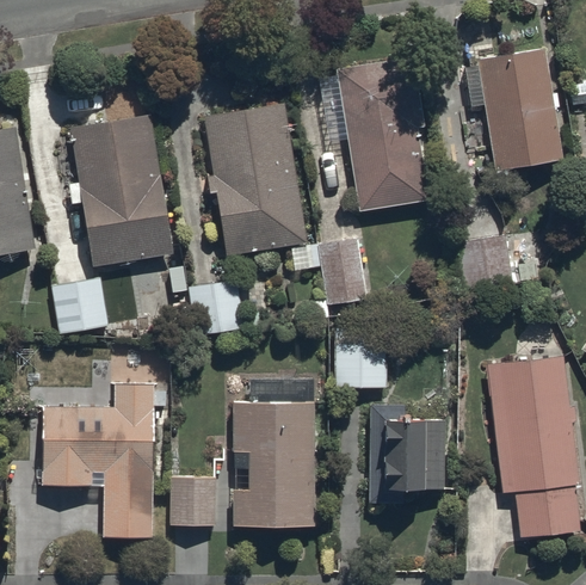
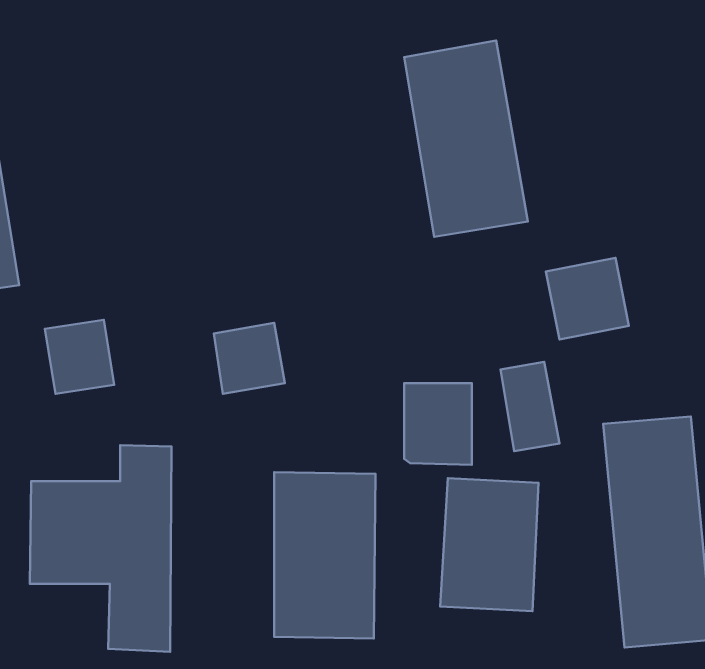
building: [477,47,559,168] -> none
building: [203,101,308,254] -> none
building: [72,116,174,267] -> none
building: [320,236,366,307] -> [501,362,559,451]
building: [171,475,214,528] -> none

